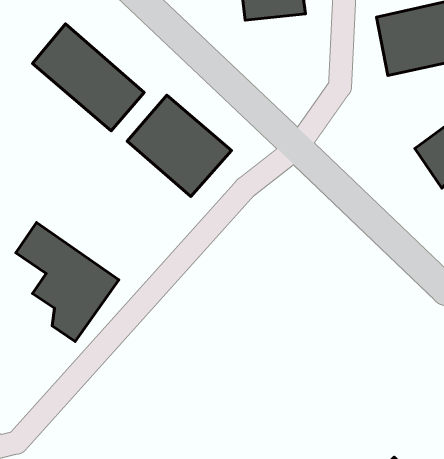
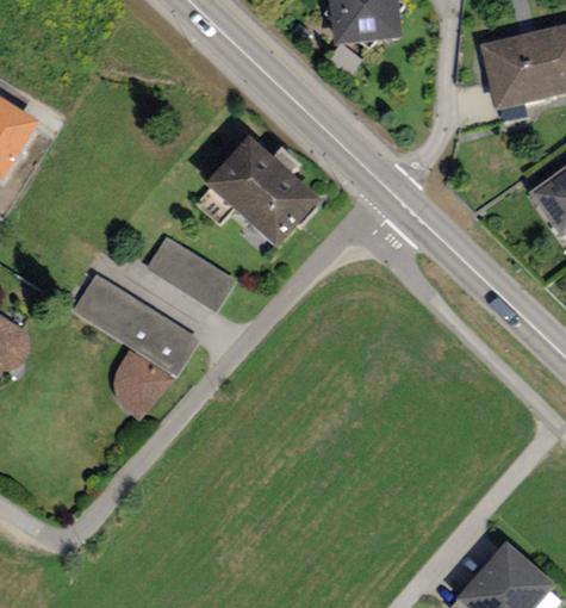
building: [33,24,144,131] -> none
building: none -> [150,236,230,303]

